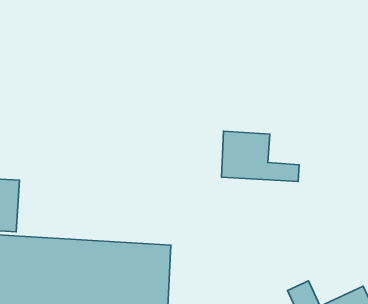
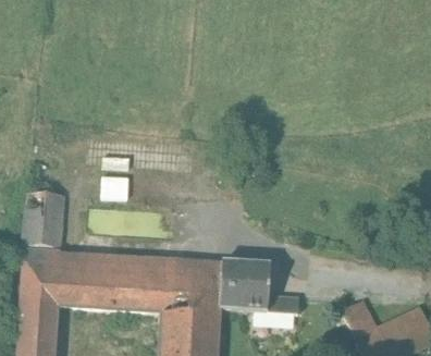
building: [221,131,299,182] -> [220,260,300,312]

